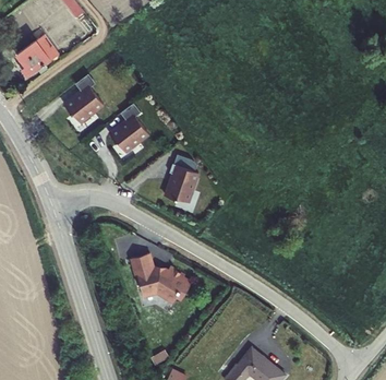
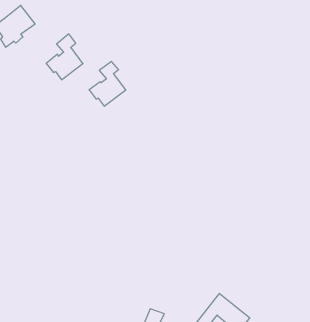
building: [165,161,196,199] -> none
building: [134,263,192,313] -> none

